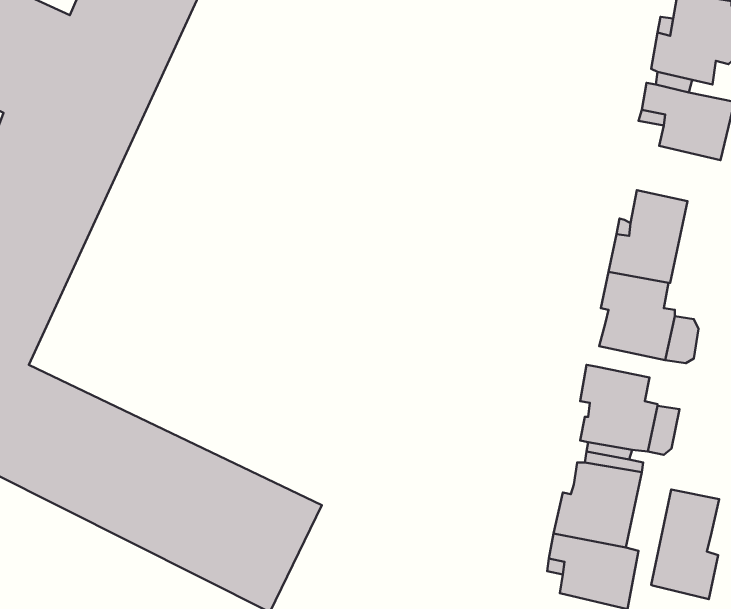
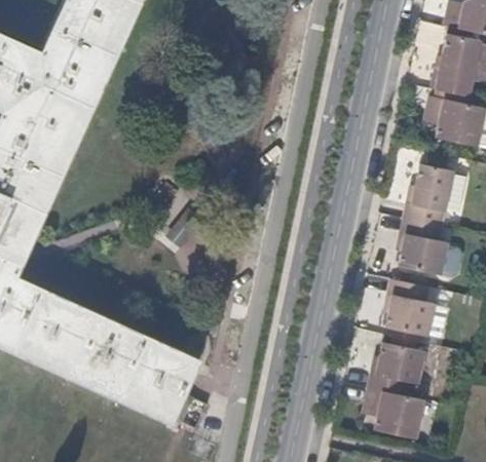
building: [651,490,719,599] -> none

